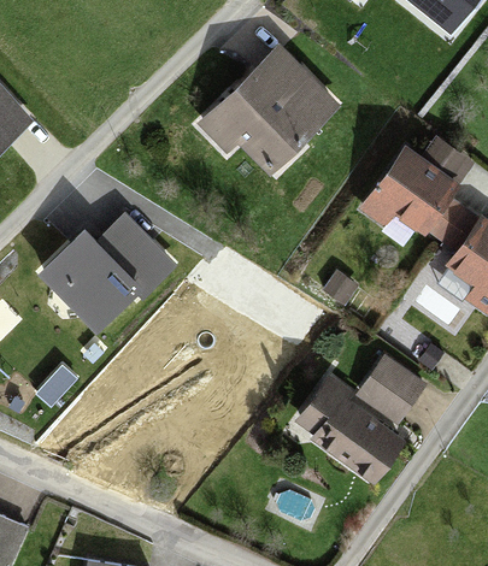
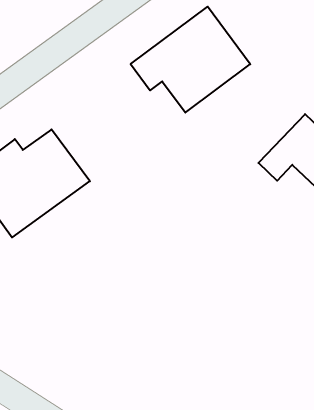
building: [361,360,422,420] -> none
building: [302,391,407,480] -> none

